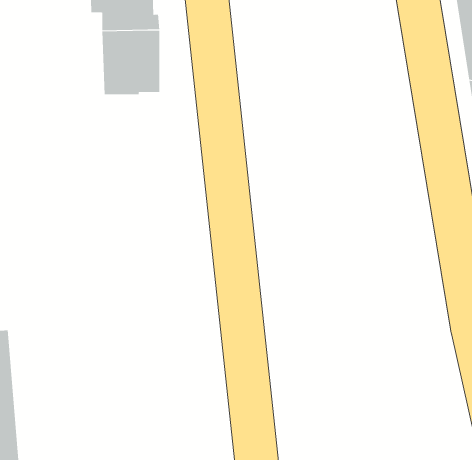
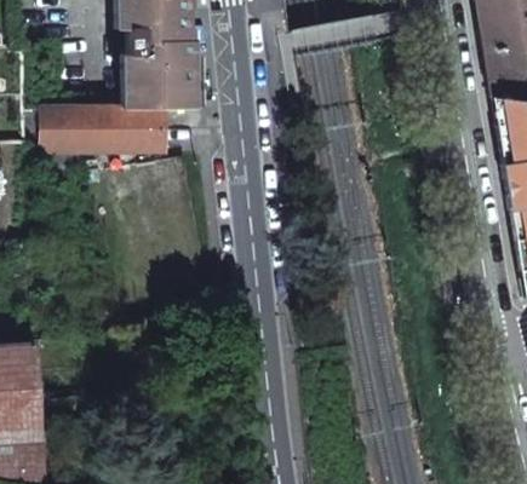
building: none -> [44,108,166,150]

